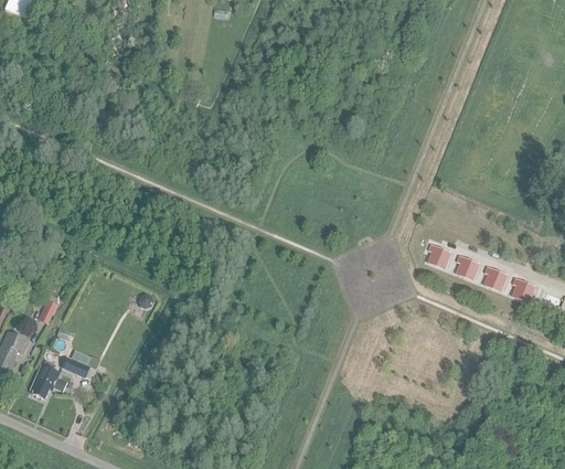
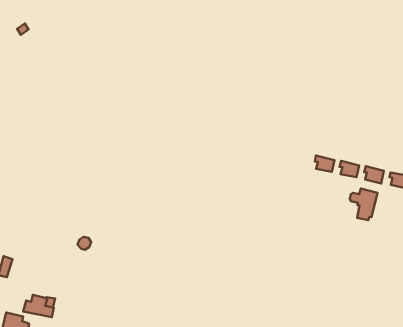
building: none -> [350,188,378,220]

